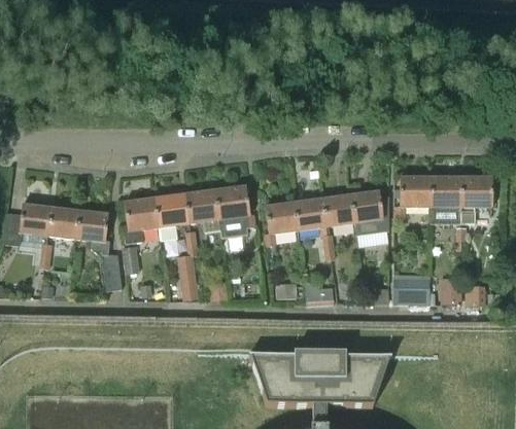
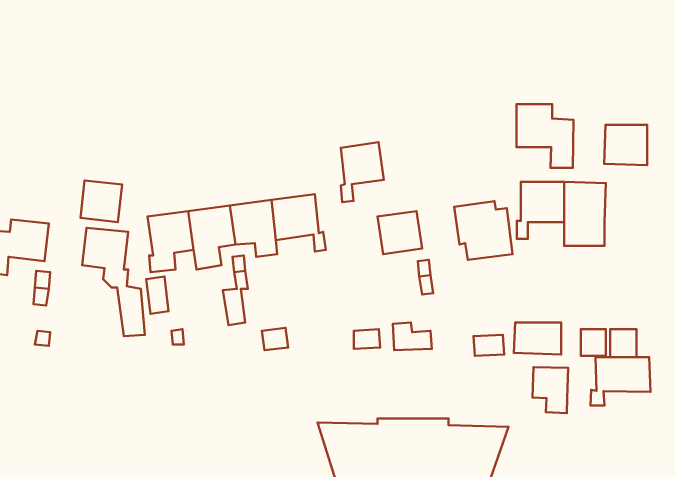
building: none -> [517,104,573,168]
building: [461,177,493,207] -> [604,125,647,165]
building: [322,194,354,225] -> none
building: [266,202,298,246] -> [341,142,384,202]
building: [47,207,78,238] -> [80,180,122,222]
building: none -> [591,357,650,406]
building: none -> [533,367,568,413]

